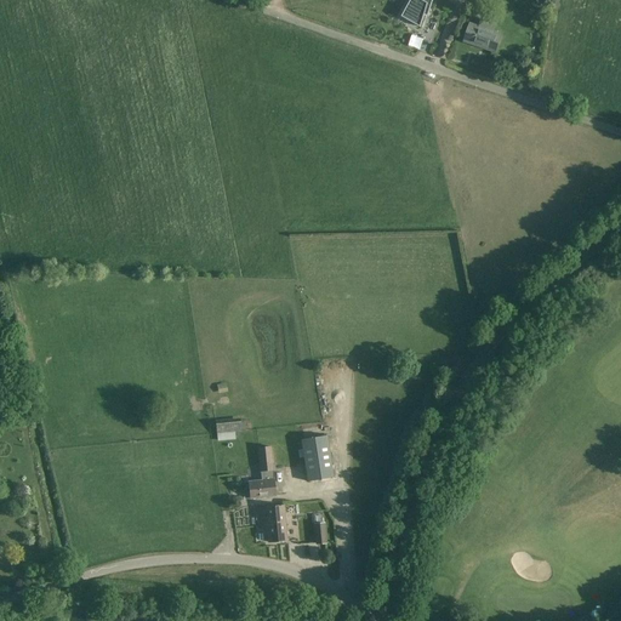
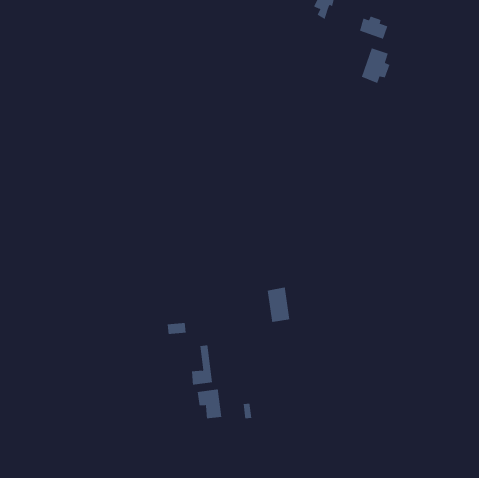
building: none -> [361,48,390,84]
building: [302,434,332,480] -> [267,287,290,322]

